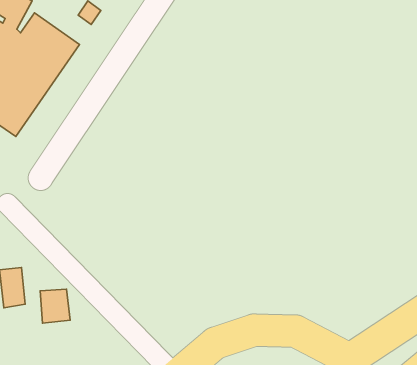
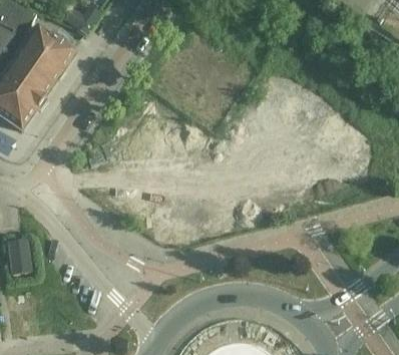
building: [40,289,70,323] -> none

